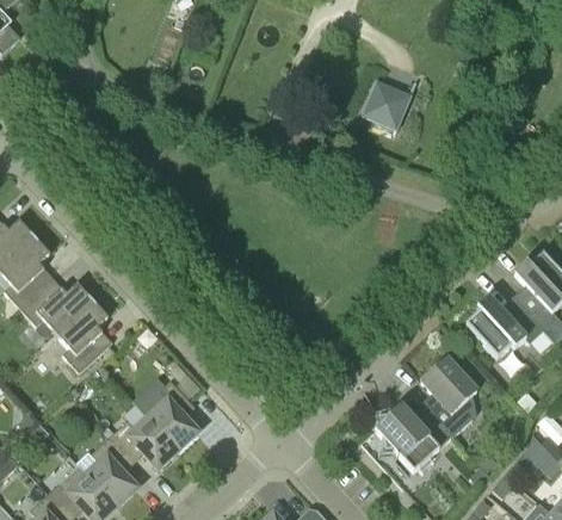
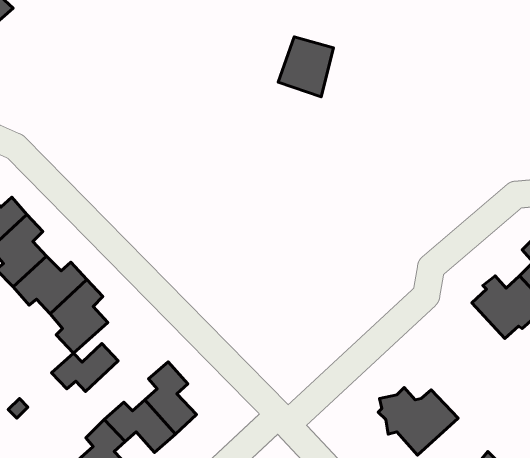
building: [356,80,409,138] -> [278,37,334,97]
building: [420,357,476,435] -> none
building: none -> [51,344,118,392]

